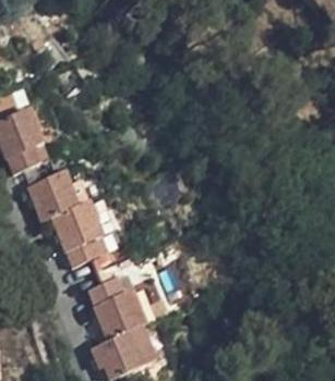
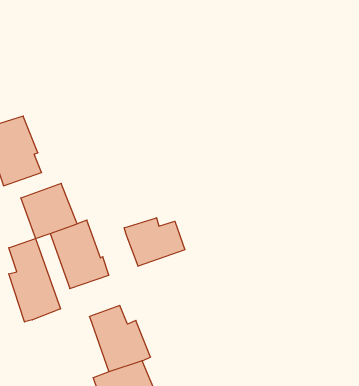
building: none -> [124,218,185,266]
building: none -> [9,238,61,322]

